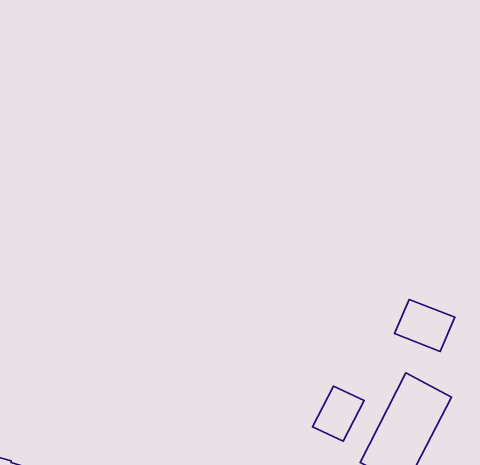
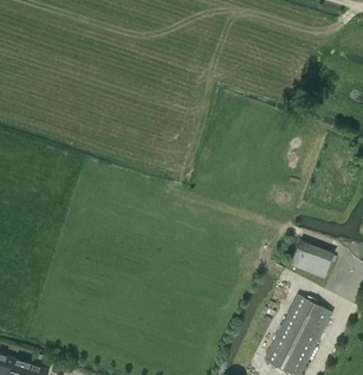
building: [313,386,364,441] -> none

